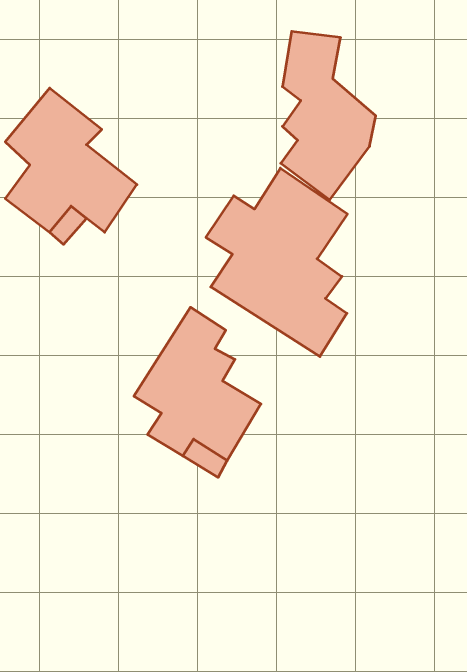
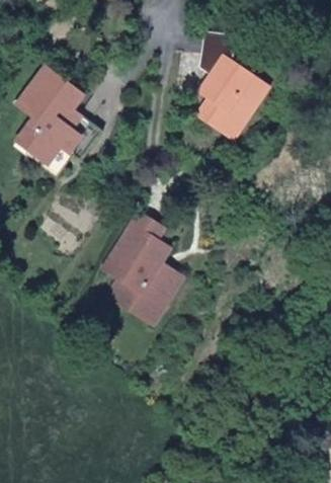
building: [206,168,347,357] -> none

